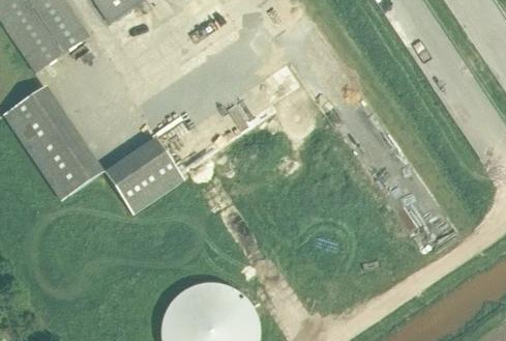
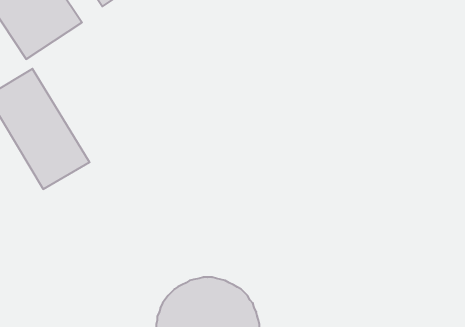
building: [97,134,180,215] -> none

